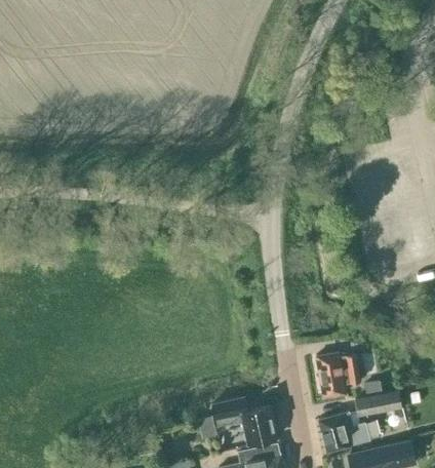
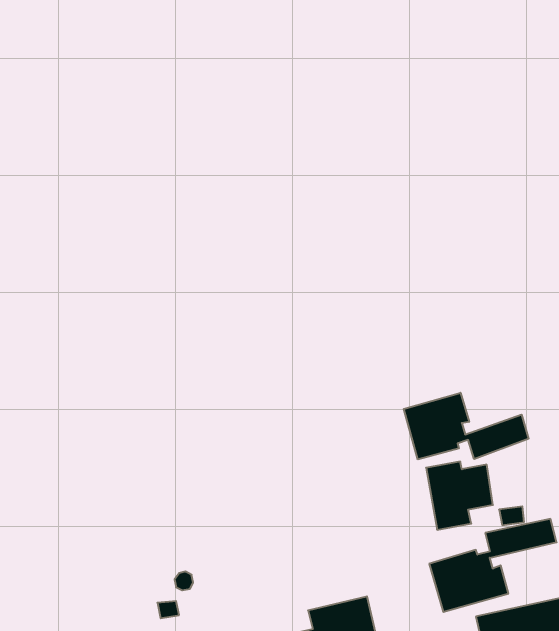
building: none -> [404,393,529,459]
building: [212,398,277,445] -> none

